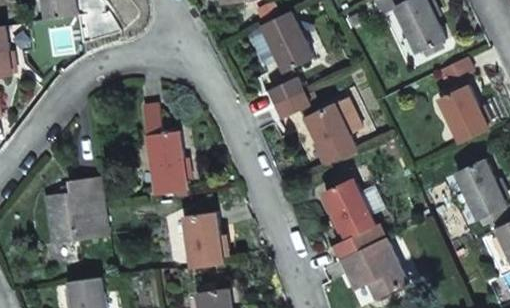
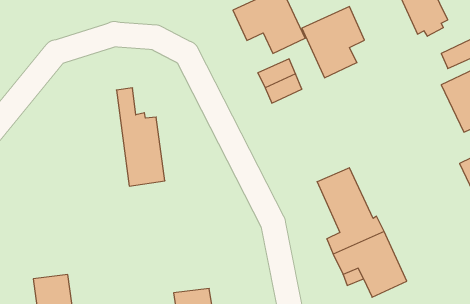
building: [308,97,366,163] -> [302,7,364,78]
building: [42,175,104,243] -> none
building: [181,212,220,268] -> none

